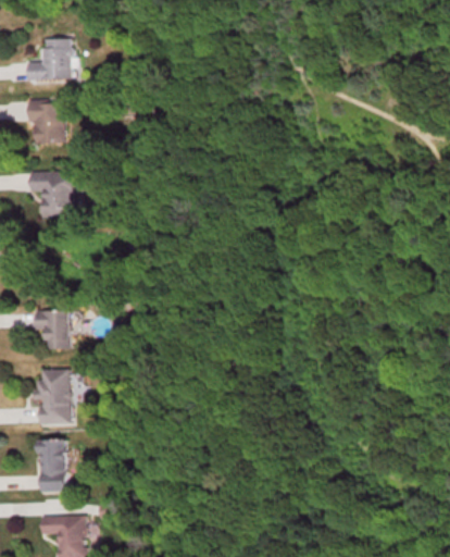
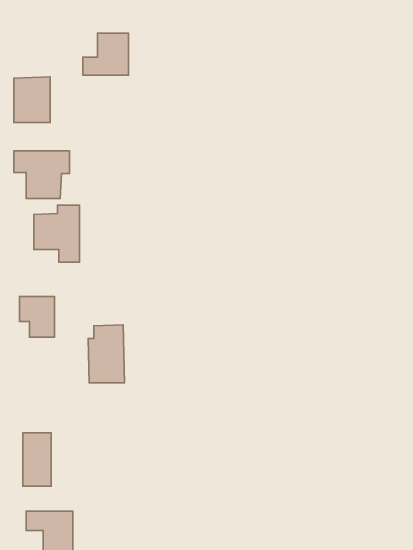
building: [27,39,71,79] -> [83,33,128,75]
building: none -> [34,205,79,262]
building: [36,369,71,424] -> [88,325,124,383]

